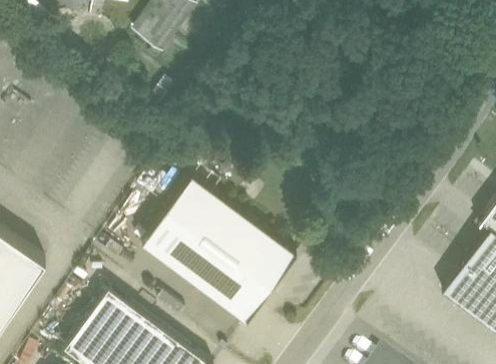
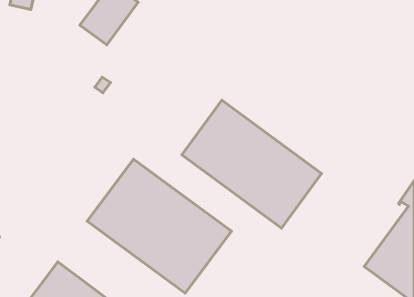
building: none -> [182,100,322,228]

